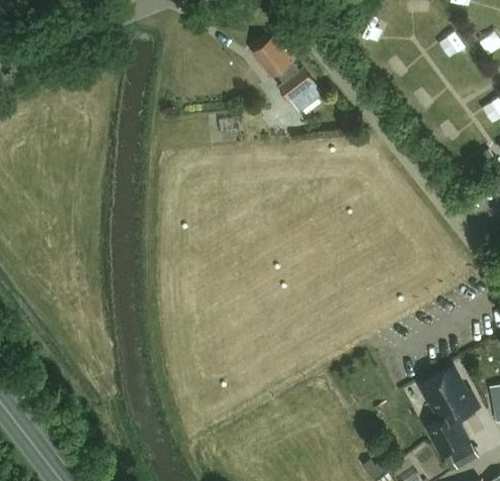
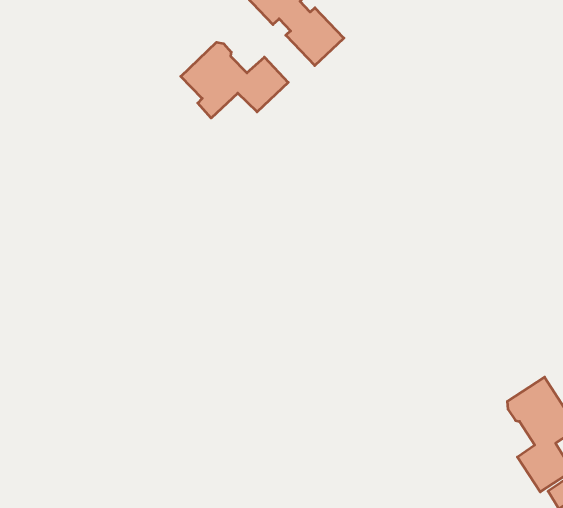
building: none -> [181,42,288,118]

